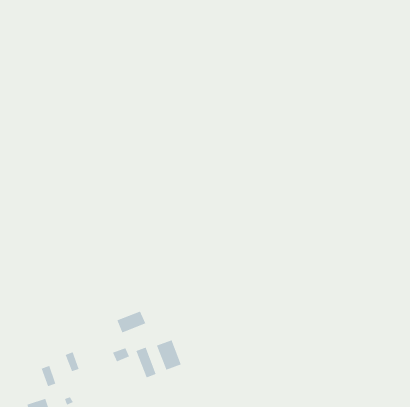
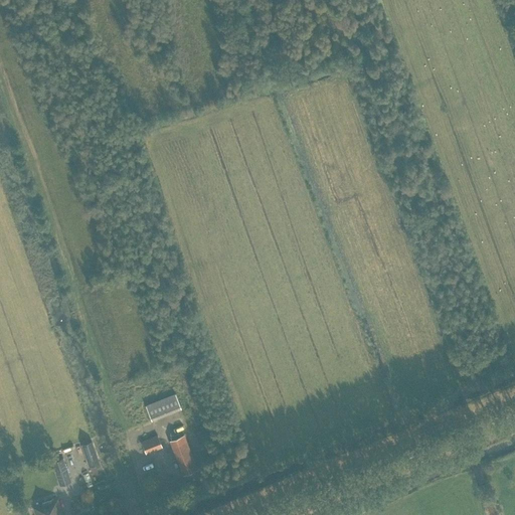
building: [156,340,182,370] -> none

